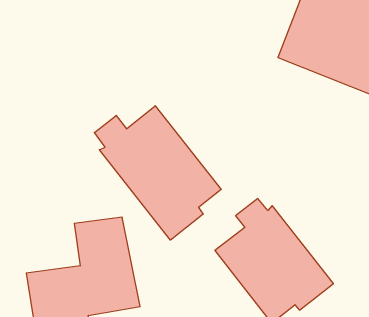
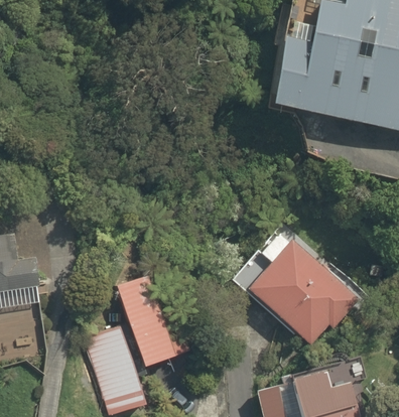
building: [94,106,221,240] -> none

